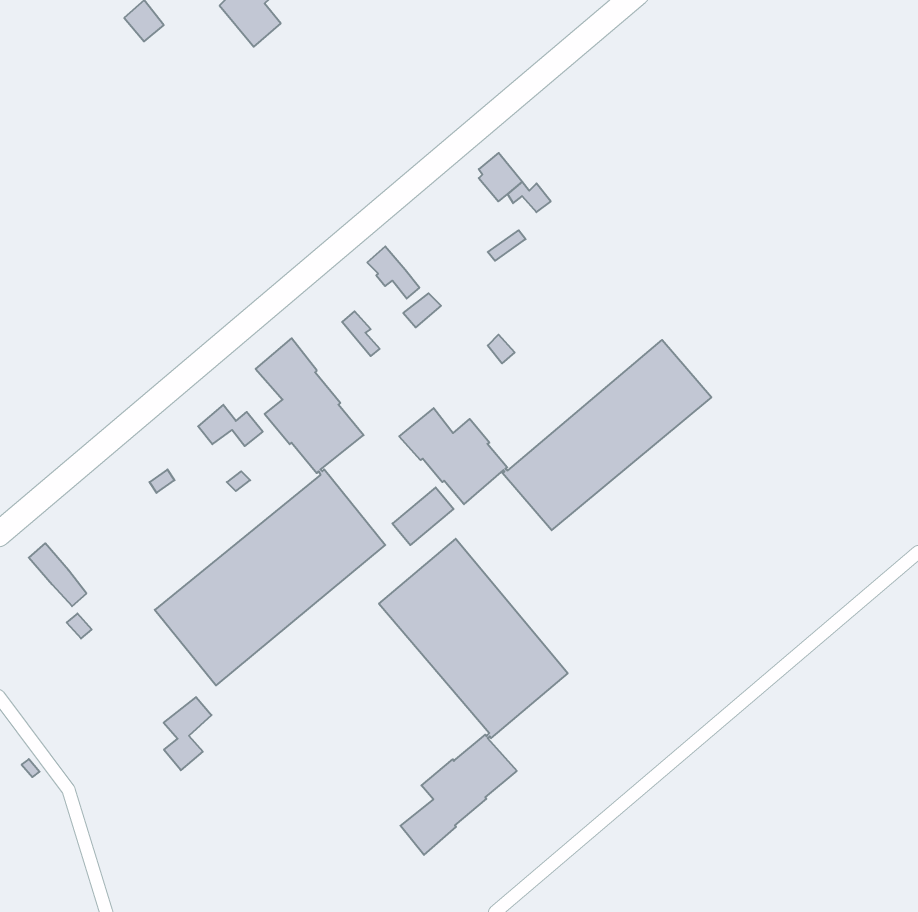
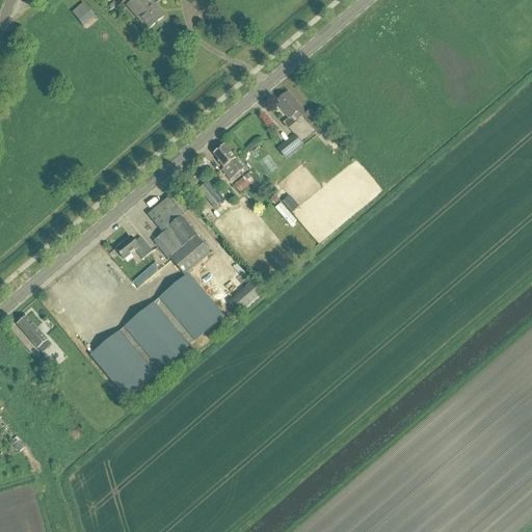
building: [399,340,711,530] -> none
building: [379,539,568,855] -> none
building: [164,697,212,770] -> none

